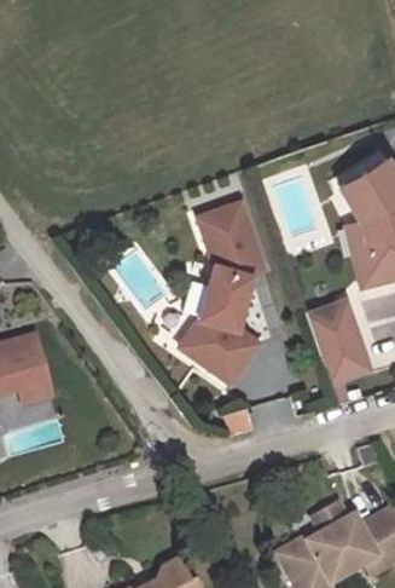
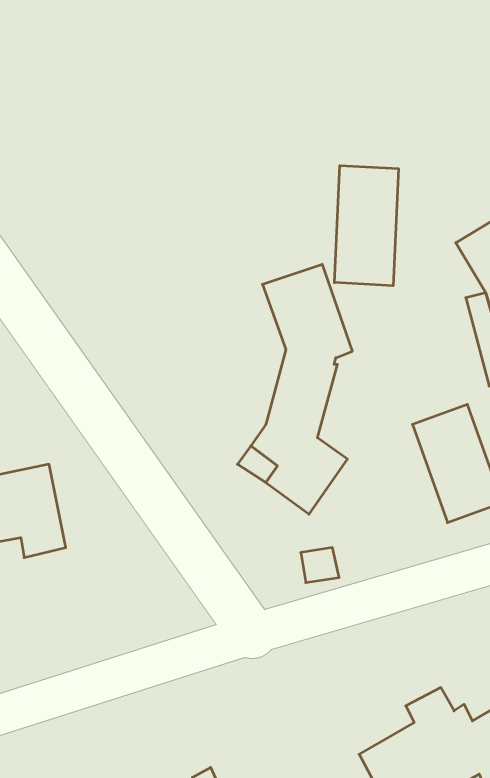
building: none -> [334,166,398,286]

